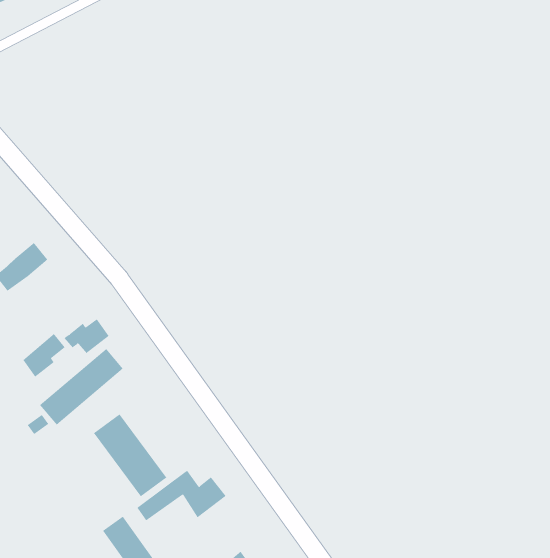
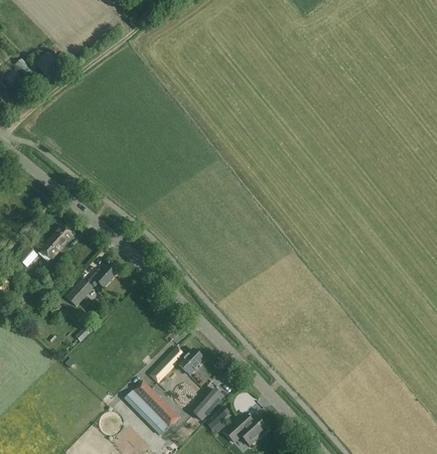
building: [39,348,124,426] -> none
building: [93,414,167,497] -> none

